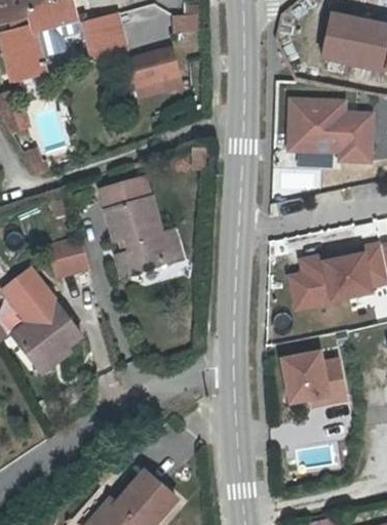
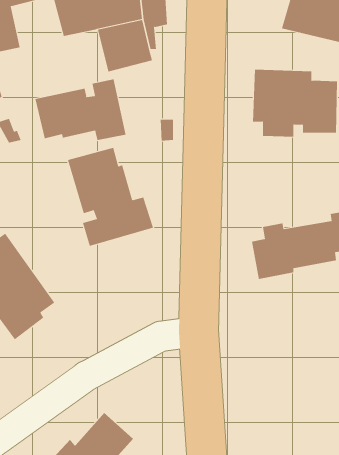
building: none -> [35,78,126,141]
building: [44,236,89,280] -> none
building: [281,350,348,407] -> none

